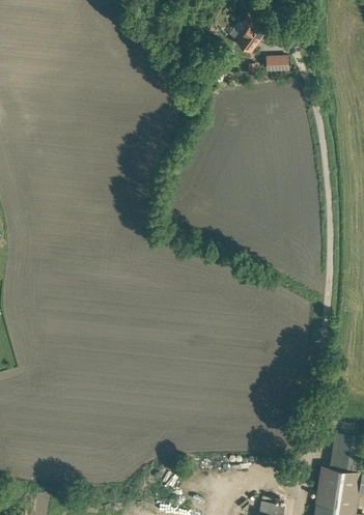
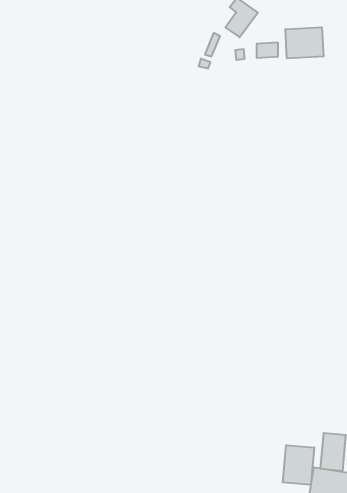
building: none -> [285,27,323,58]
building: none -> [283,445,314,485]

